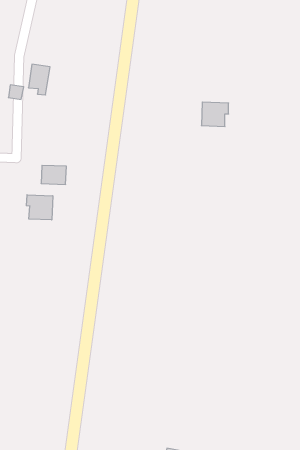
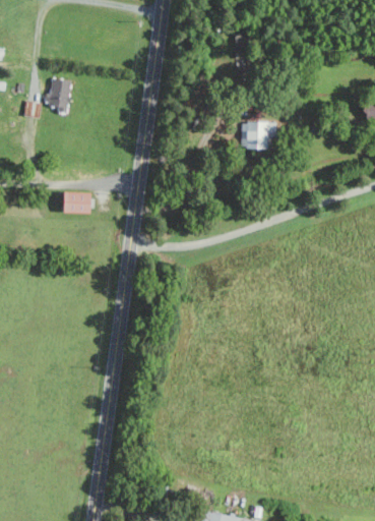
building: [26,195,53,220] -> none

